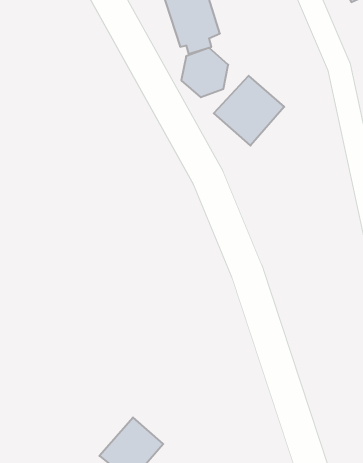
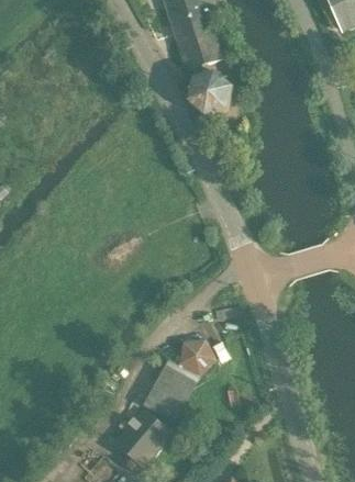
building: [214,76,284,146] -> none
building: none -> [143,338,215,422]

